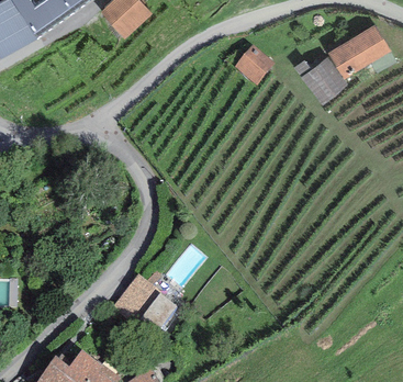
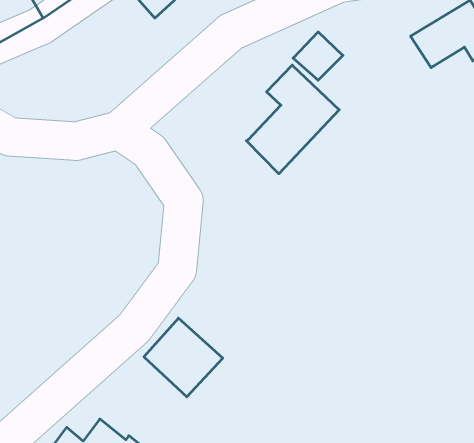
building: [300,53,347,100] -> none
building: none -> [246,65,339,174]

